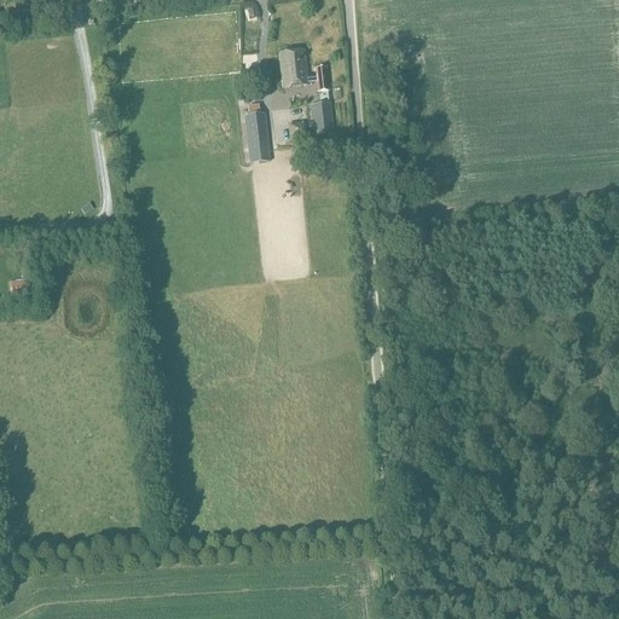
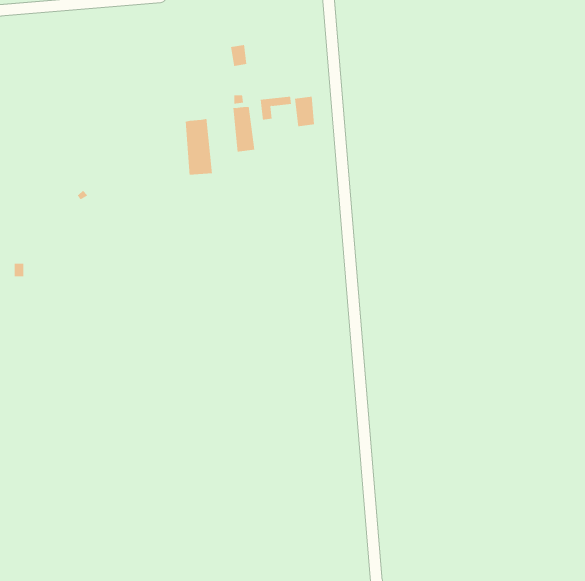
building: [279,48,328,89] -> none
building: none -> [185,118,212,176]

